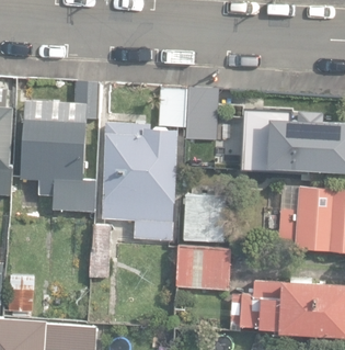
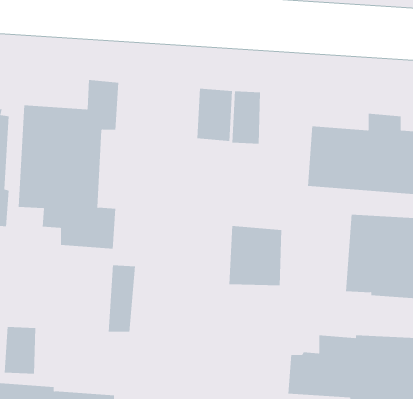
building: [102,122,176,241] -> none
building: [174,245,231,292] -> none

